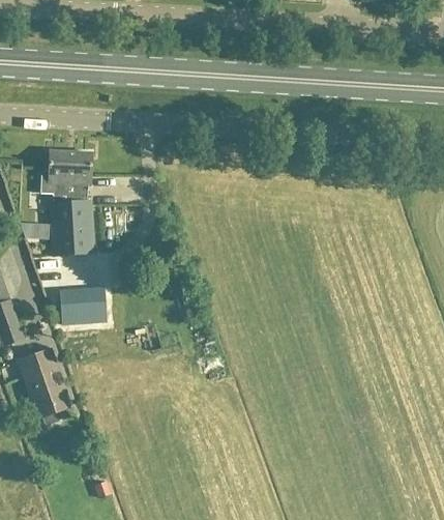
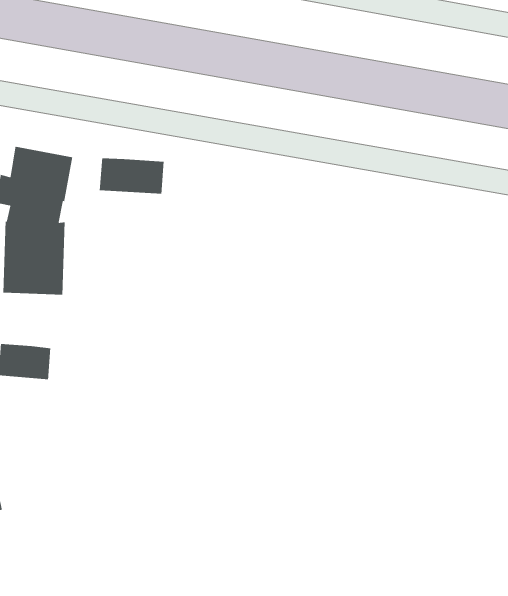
building: none -> [99,158,165,195]

